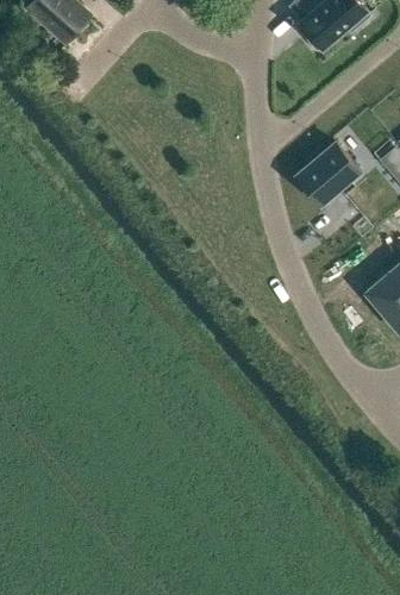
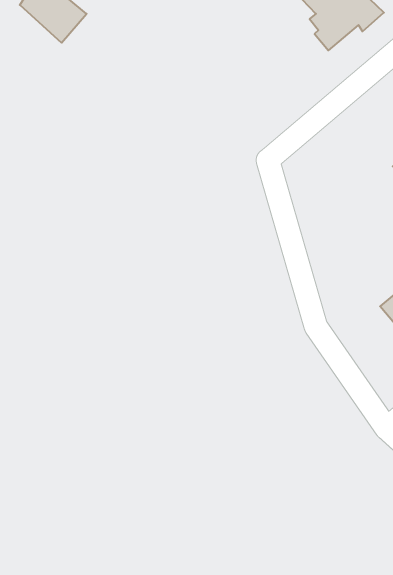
building: [298,143,360,203] -> none

